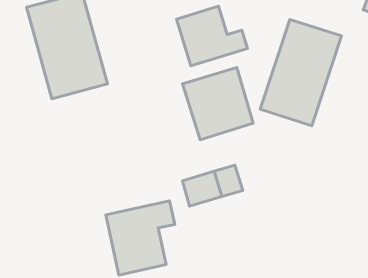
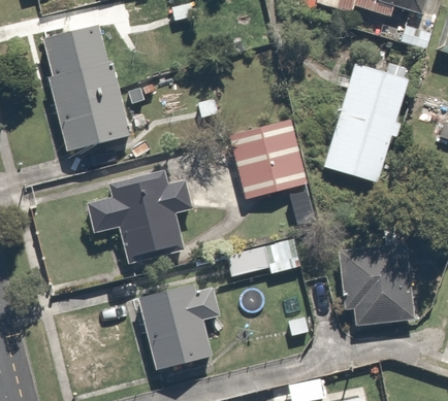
building: [176,6,247,66] -> none
building: none -> [87,169,192,265]
building: none -> [338,250,414,325]

